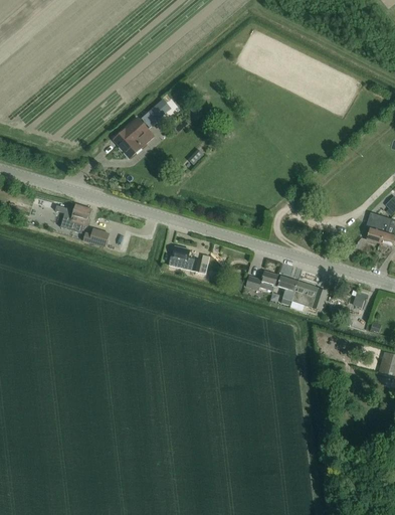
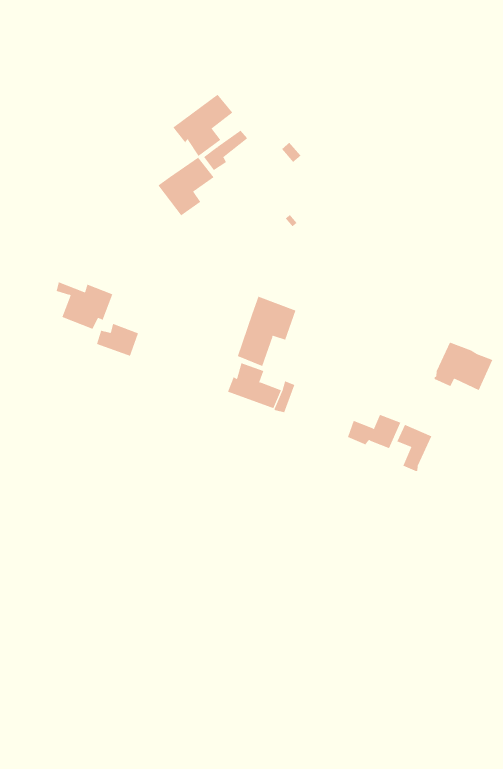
building: none -> [172,94,233,157]
building: none -> [237,296,296,367]
building: [290,281,327,310] -> [434,342,493,391]

